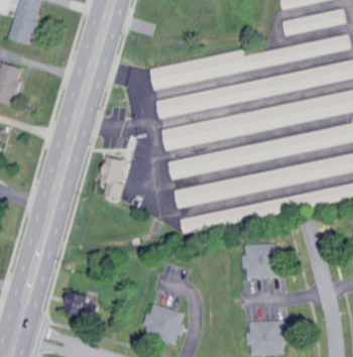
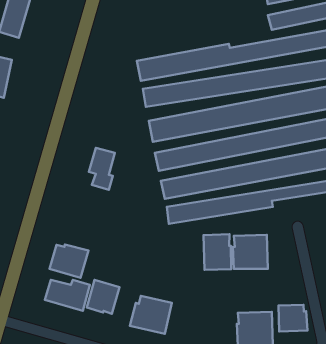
building: none -> [204,234,231,270]
building: none -> [49,244,88,278]
building: none -> [87,280,120,314]
building: none -> [278,305,307,331]

